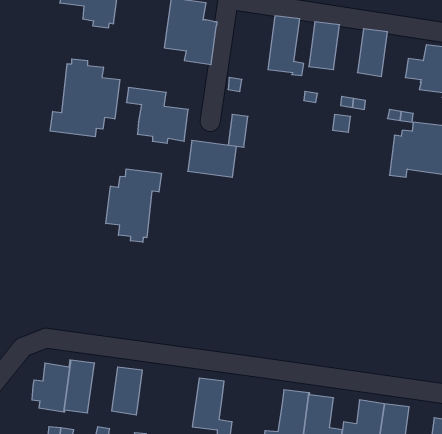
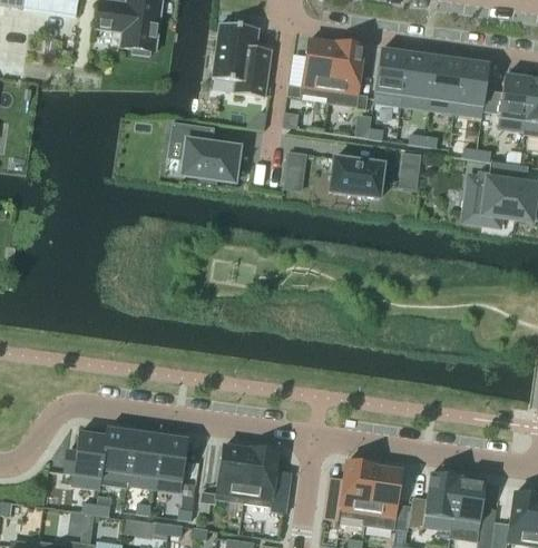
building: none -> [287,40,336,102]
building: none -> [402,52,436,106]
building: none -> [456,60,490,114]
building: [50,59,120,137] -> none
building: [188,140,236,177] -> [330,159,384,200]
building: [106,169,161,242] -> none
building: none -> [127,431,160,487]
building: none -> [217,446,252,502]

